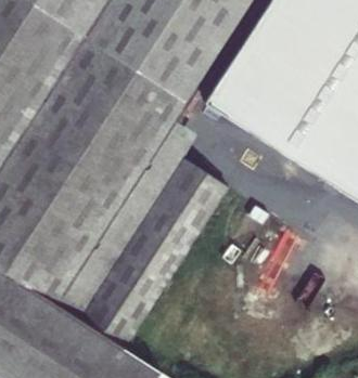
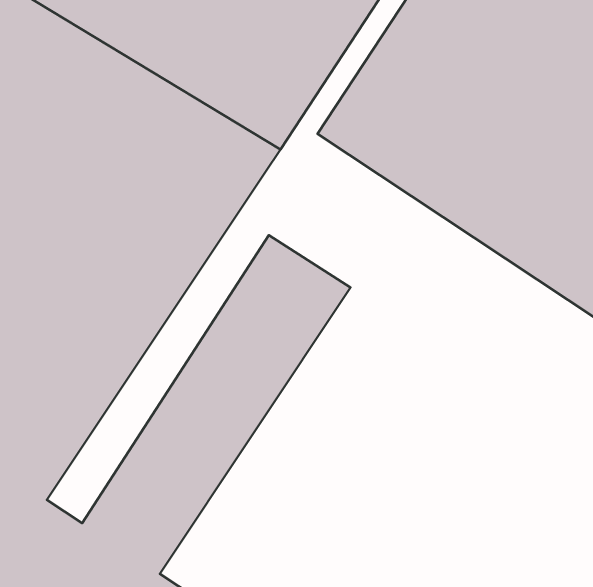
building: [51,123,190,318] -> none

